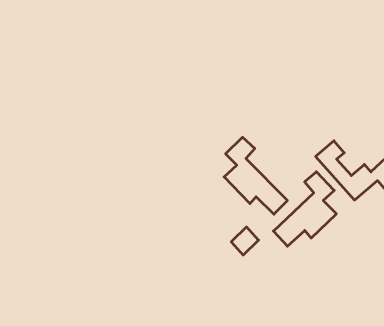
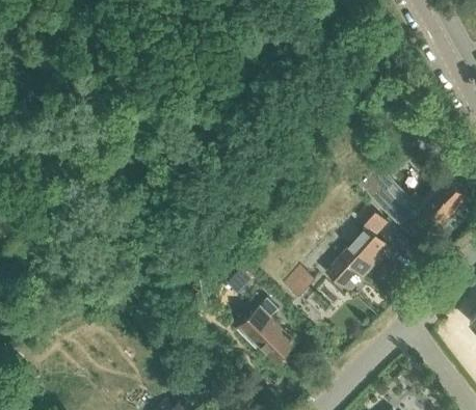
building: [224,137,287,214] -> none
building: none -> [237,296,296,361]

